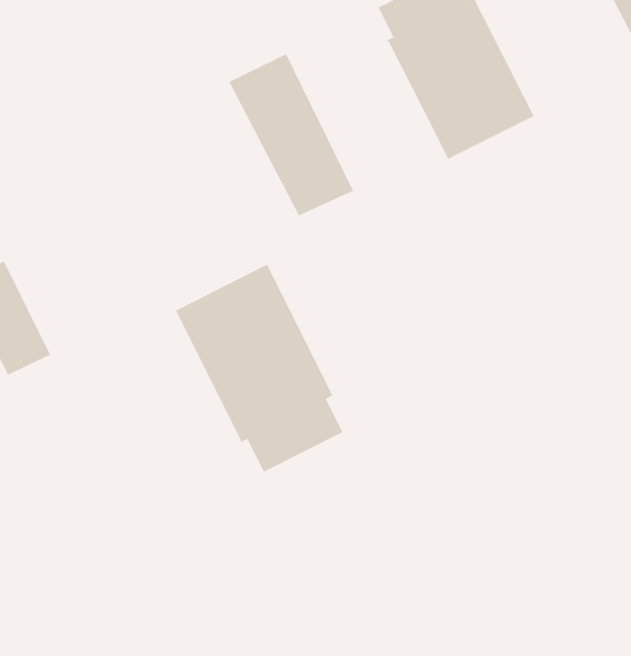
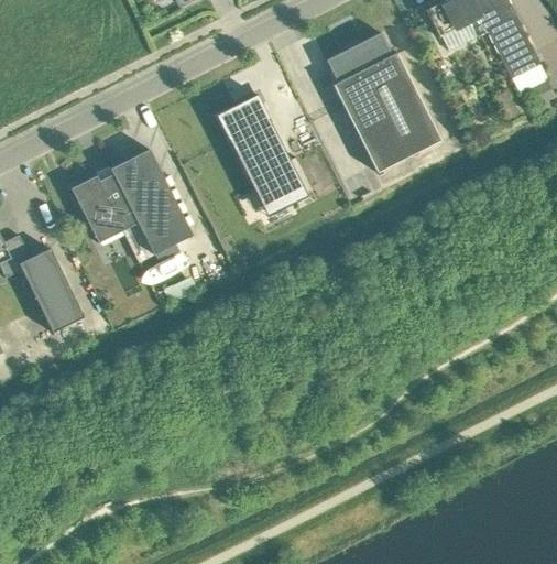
building: none -> [72,148,194,254]
building: [175,264,343,473] -> none

